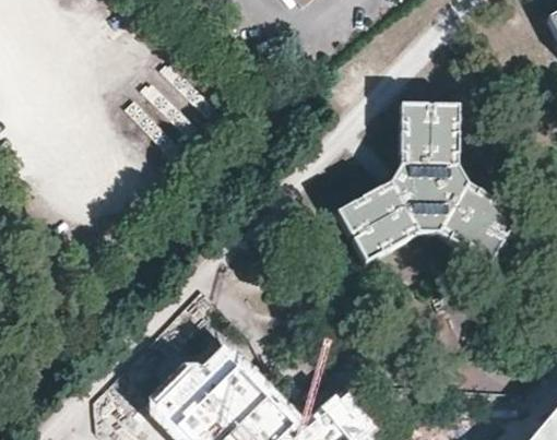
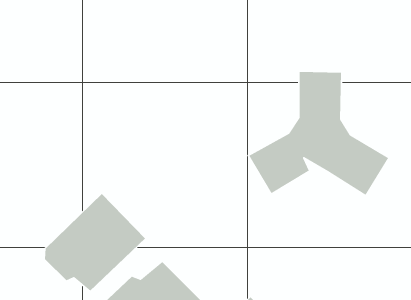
building: none -> [44,193,146,292]

